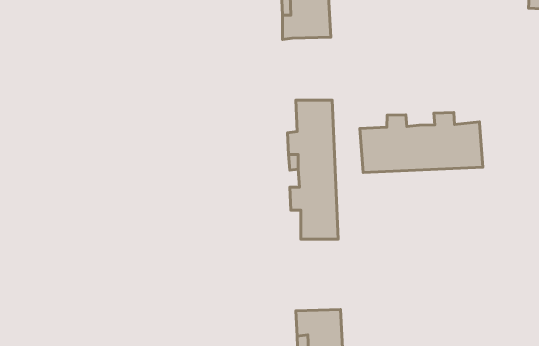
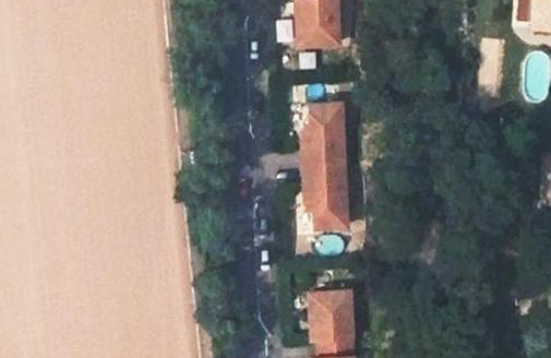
building: [360,113,483,172] -> none

